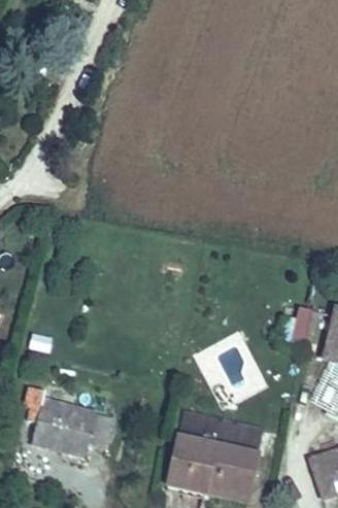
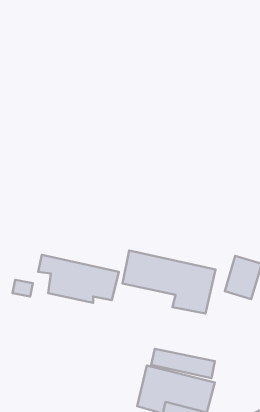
building: none -> [123,251,216,314]
building: [16,393,110,448] -> [38,255,119,303]

